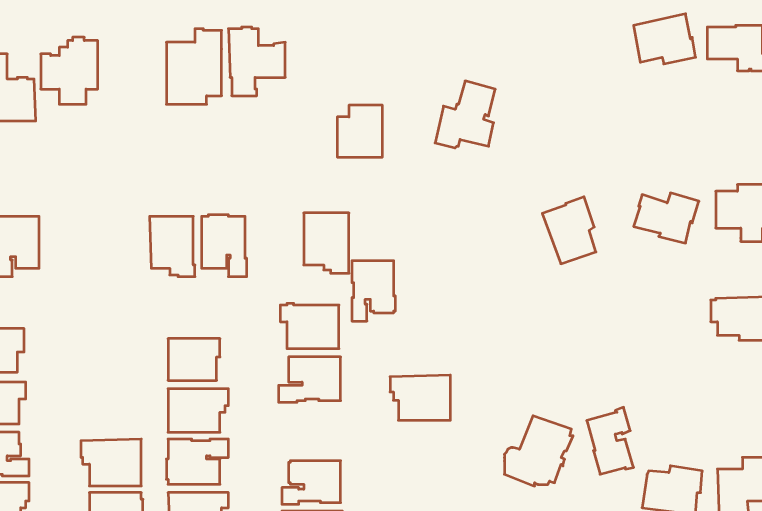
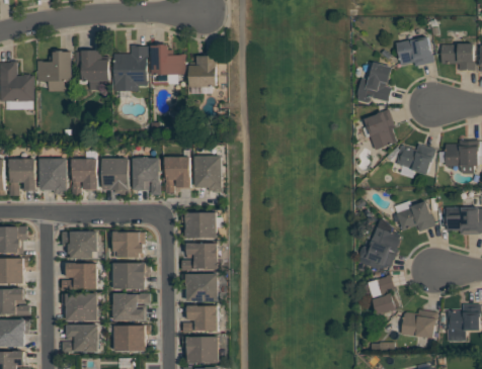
building: none -> [76,51,108,91]
building: [435,81,495,148] -> [354,63,391,103]
building: [337,105,382,157] -> [188,56,216,87]
building: [542,197,596,264] -> [363,109,395,150]
building: none -> [41,159,68,195]
building: none -> [72,160,98,195]
building: [352,261,395,321] -> [165,157,191,193]
building: none -> [395,201,434,232]
building: none -> [61,232,97,259]
building: [390,375,450,420] -> [181,274,218,301]
building: none -> [61,263,96,290]
building: [504,416,573,486] -> [358,227,400,270]

